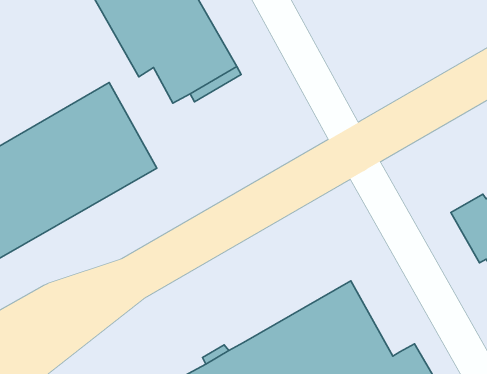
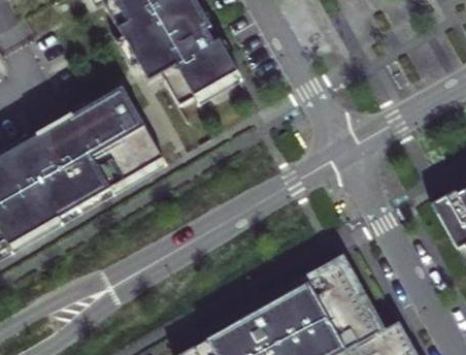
building: none -> [240,257,386,334]

